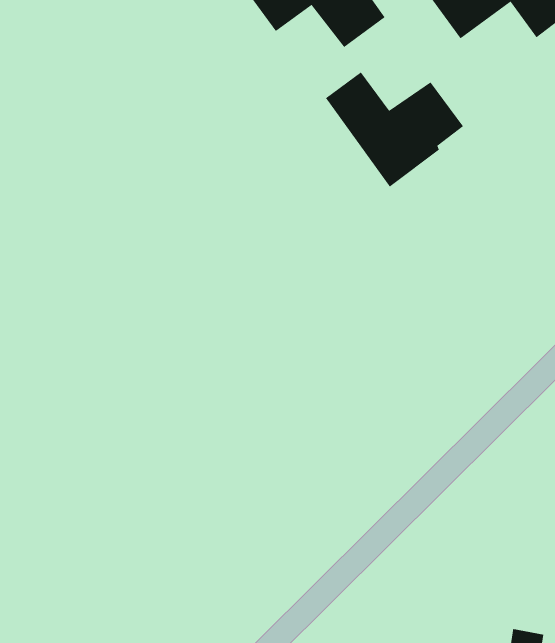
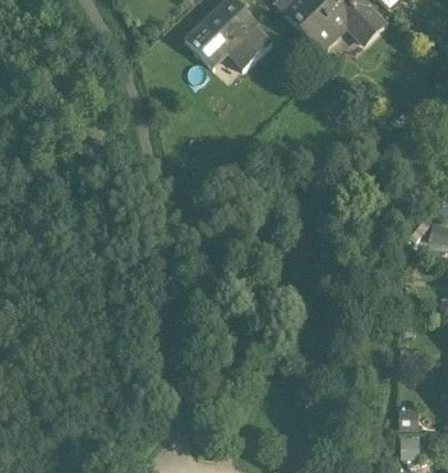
building: [325,71,464,188] -> none

